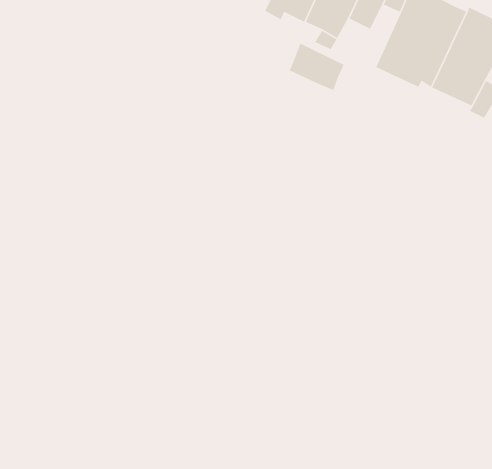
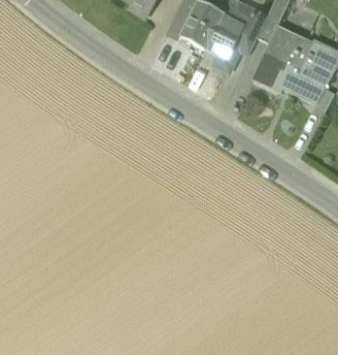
building: [289,43,345,91] -> none

